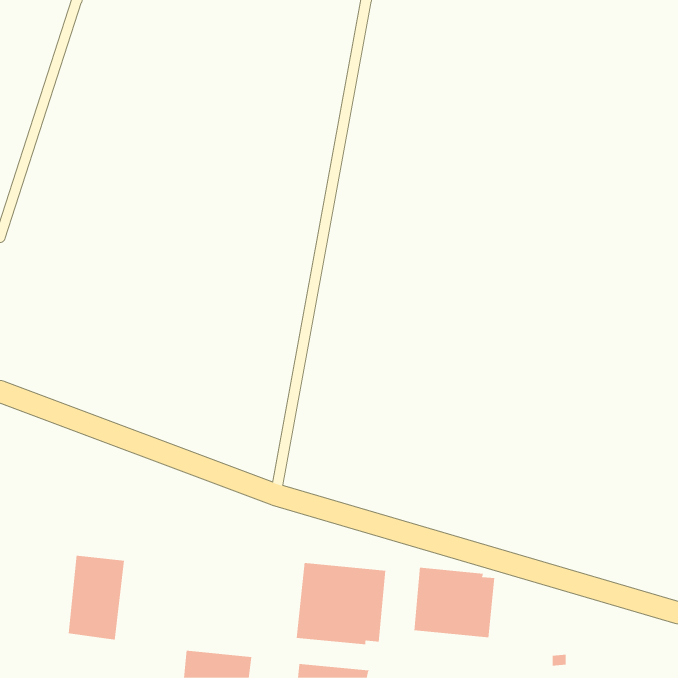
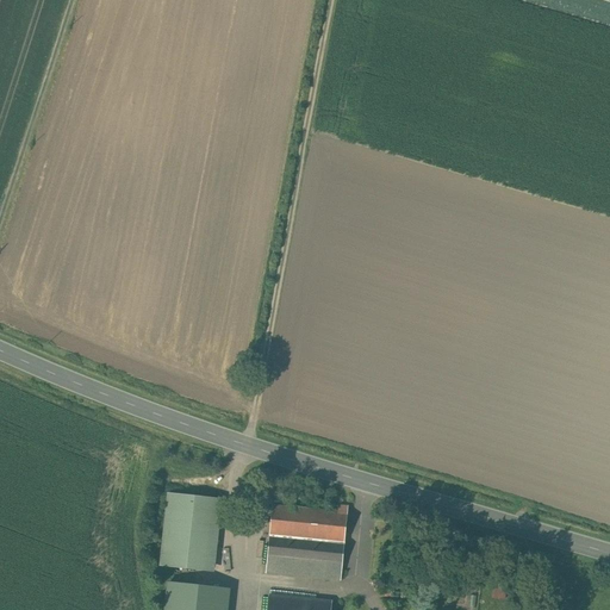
building: [68,555,125,640] -> [161,494,212,571]
building: [414,567,495,638] -> none

